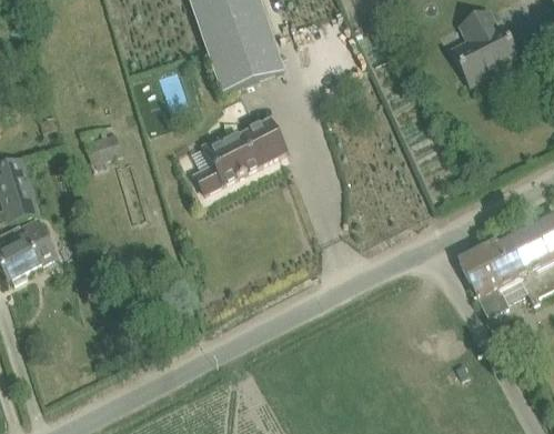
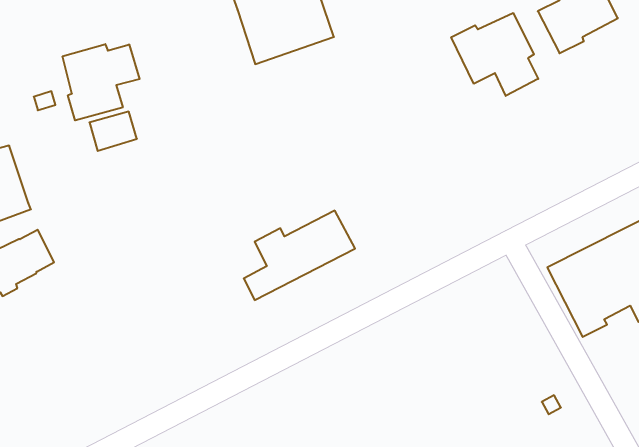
building: none -> [451,13,538,96]
building: none -> [63,44,140,120]
building: [195,118,286,191] -> [244,211,355,300]

